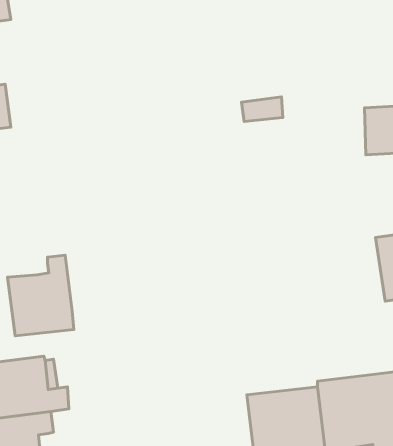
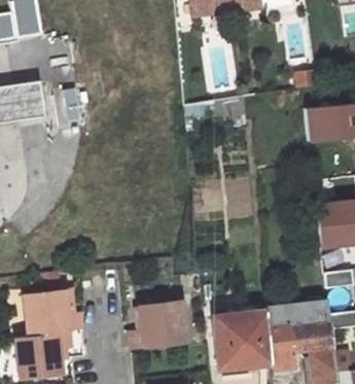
building: [8,255,74,336] -> none
building: none -> [130,300,189,348]

